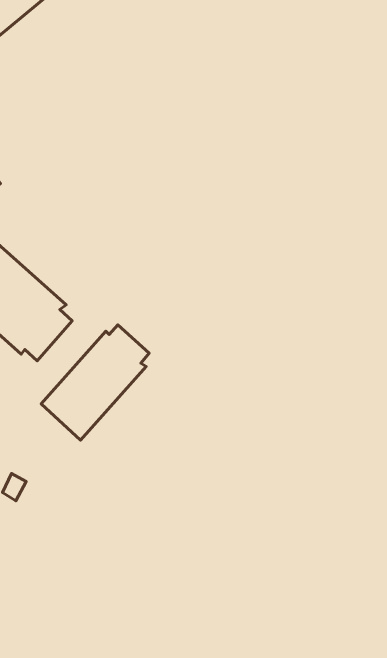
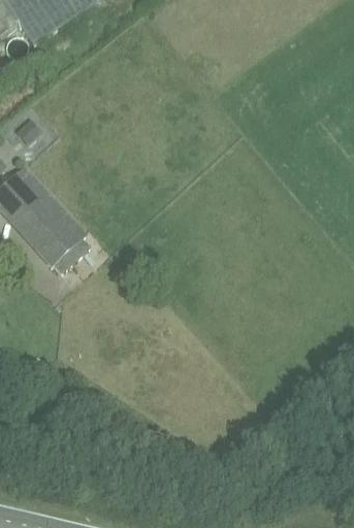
building: [41,325,149,440] -> none

